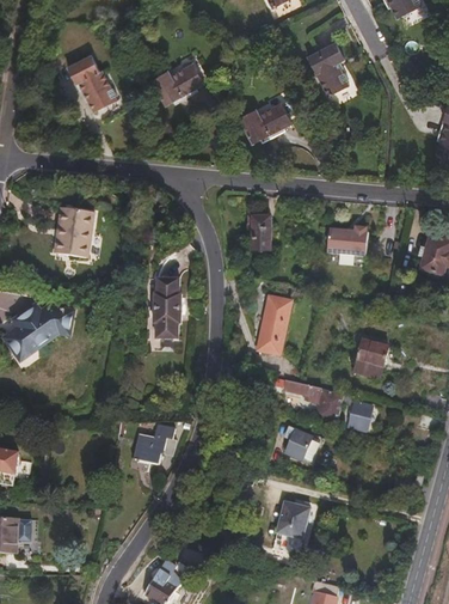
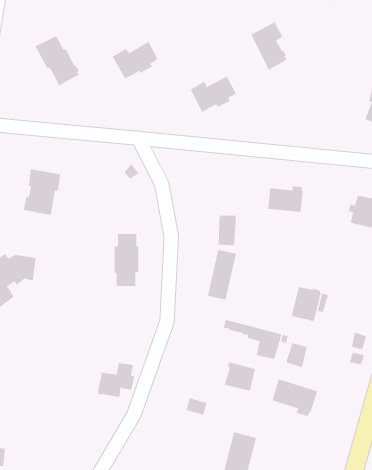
building: [250,215,271,250] -> [218,215,237,246]
building: none -> [272,379,318,417]

